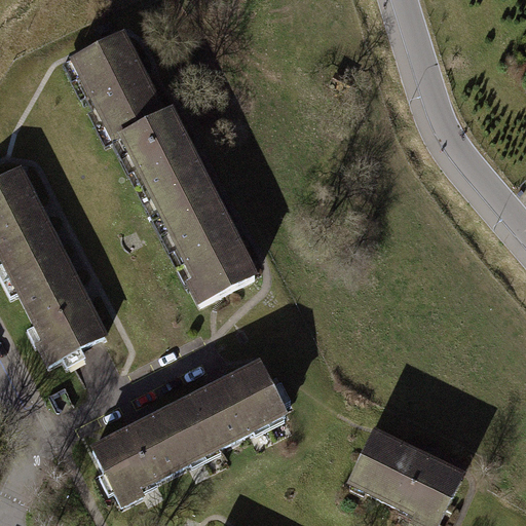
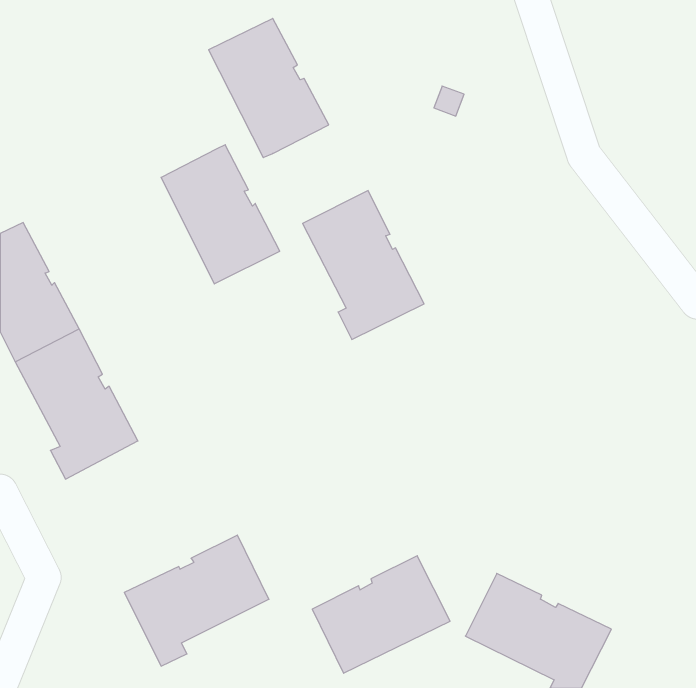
building: [74,32,164,137] -> [209,18,329,158]
building: [162,189,254,301] -> [303,191,424,339]
building: [180,363,284,451] -> [312,556,450,673]

